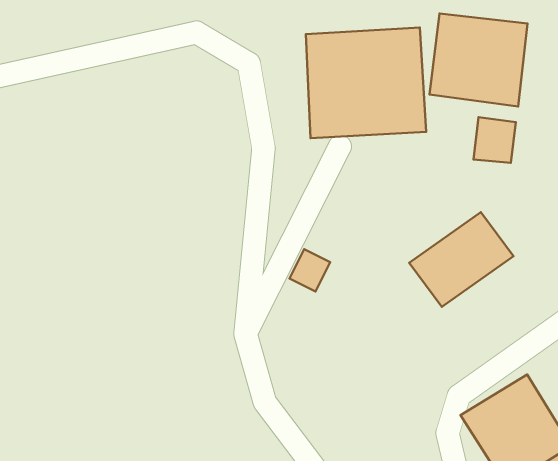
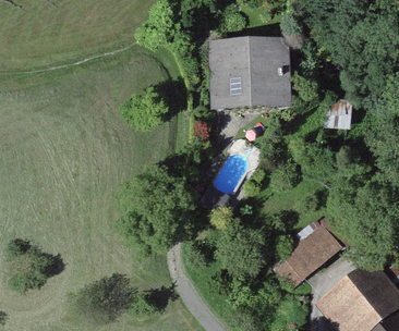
building: [429,13,528,106] -> none
building: [409,212,513,307] -> [275,221,344,284]

